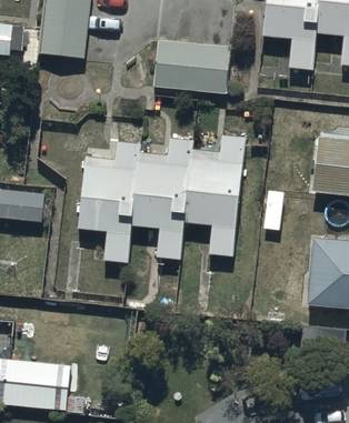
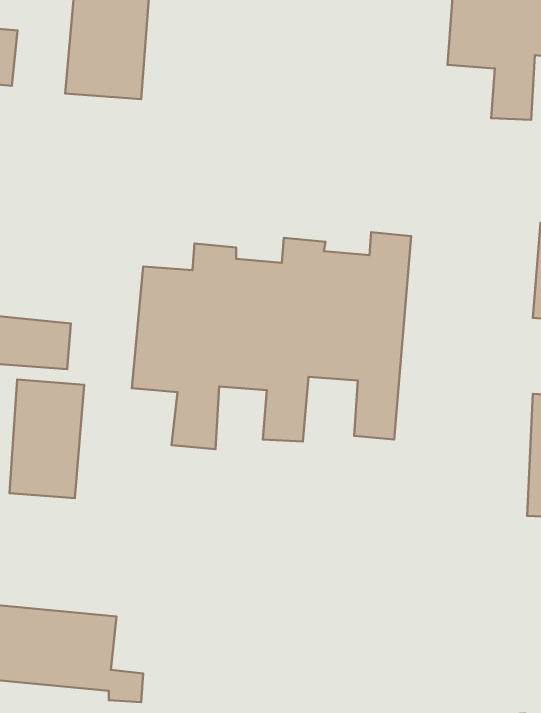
building: [153,44,229,98] -> none
building: none -> [10,379,84,498]

